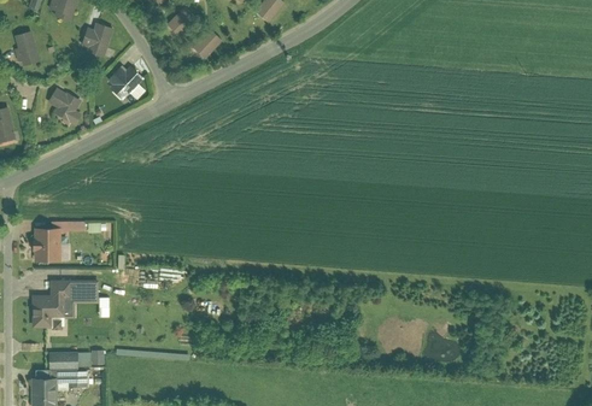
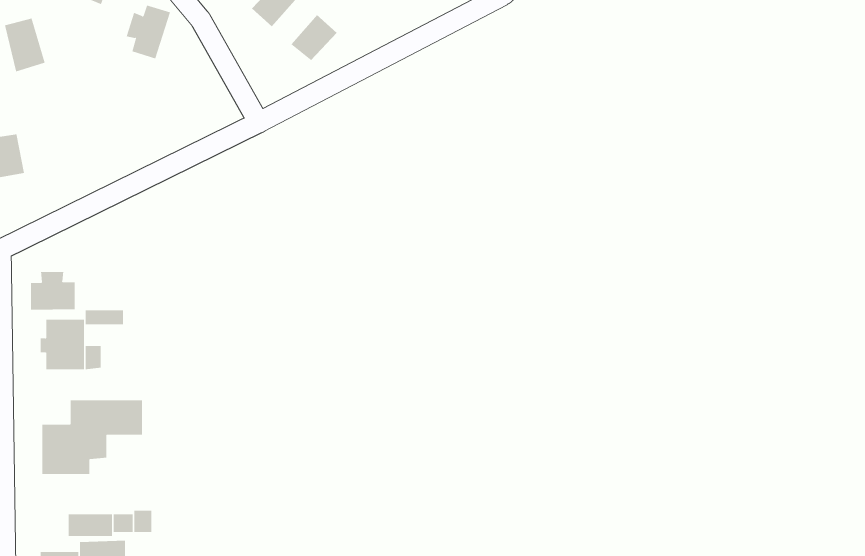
building: [104,57,145,98] -> none
building: [48,88,86,123] -> none
building: none -> [31,271,75,310]

